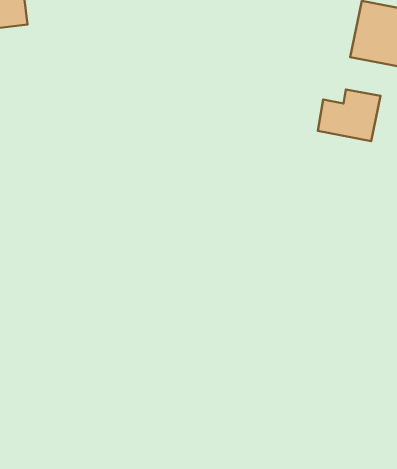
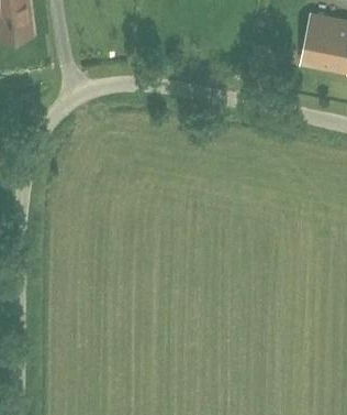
building: [318,89,380,141] -> none

